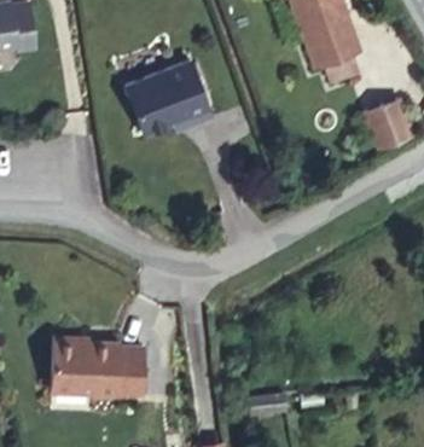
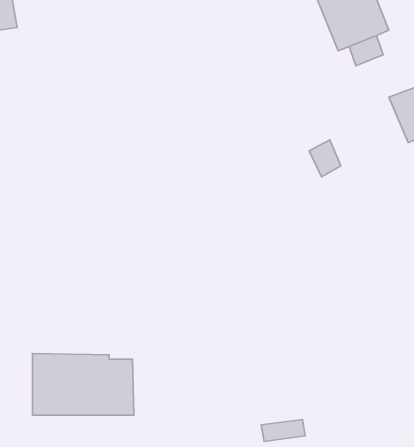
building: [126,62,210,130] -> none

